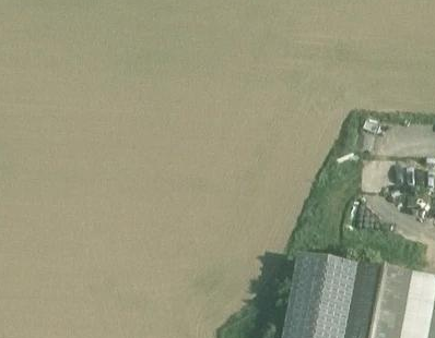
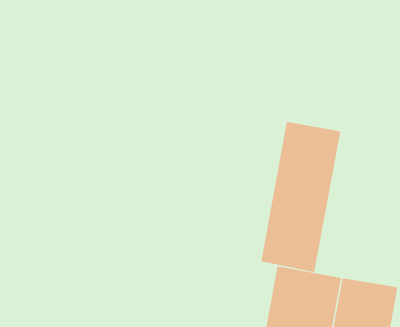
building: none -> [261,121,341,273]

